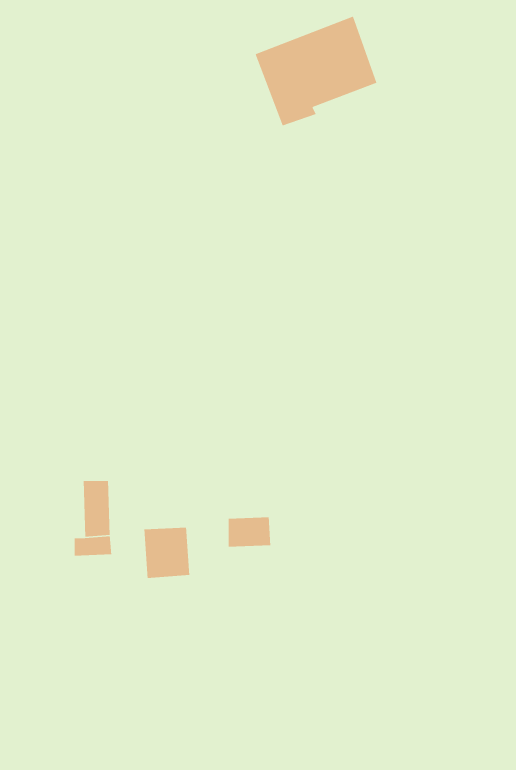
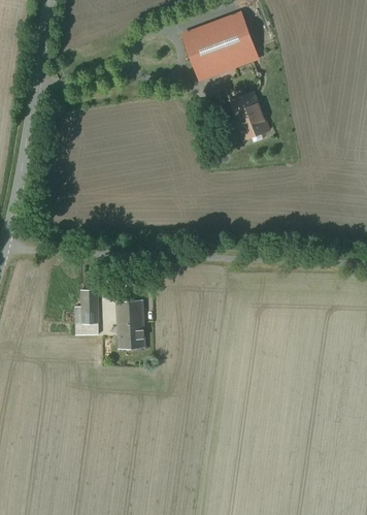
building: none -> [229,92,269,139]
building: [228,516,271,548] -> [116,300,142,319]

